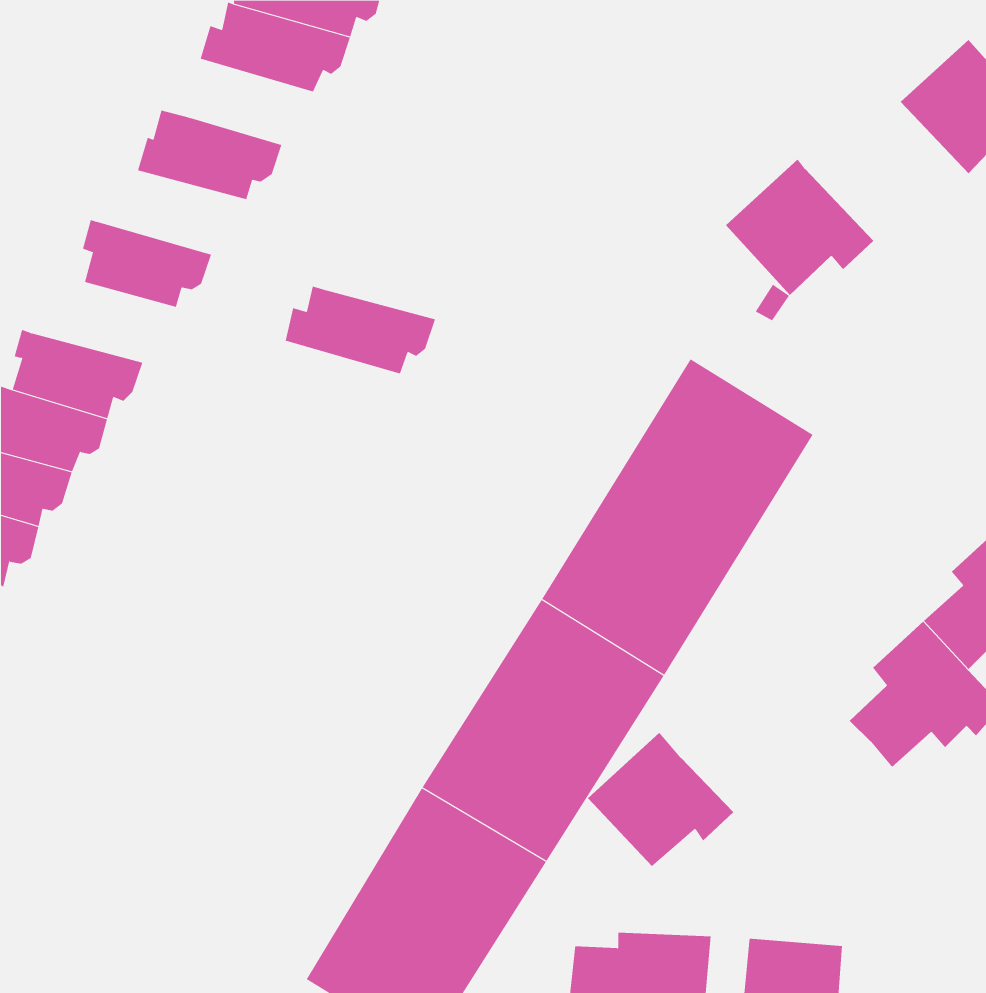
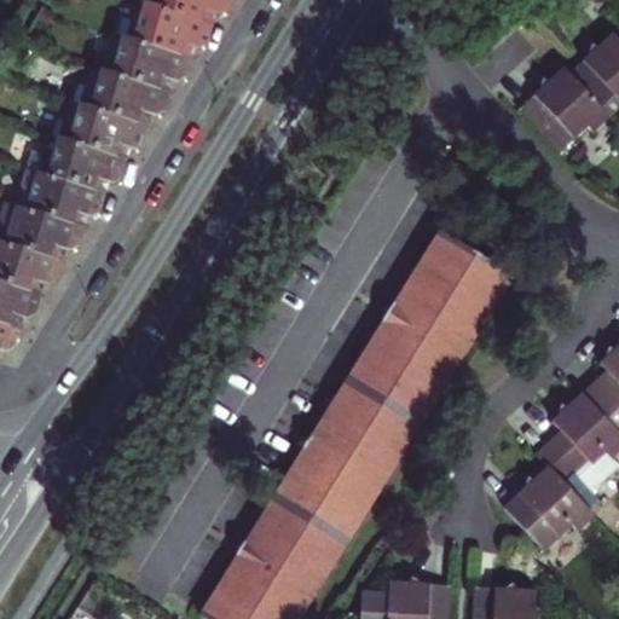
building: none -> [126,40,203,94]
building: [725,159,874,296] -> [515,62,607,146]
building: none -> [29,172,118,228]
building: [285,286,436,374] -> [69,108,162,162]
building: [587,732,734,867] -> [502,463,592,546]

